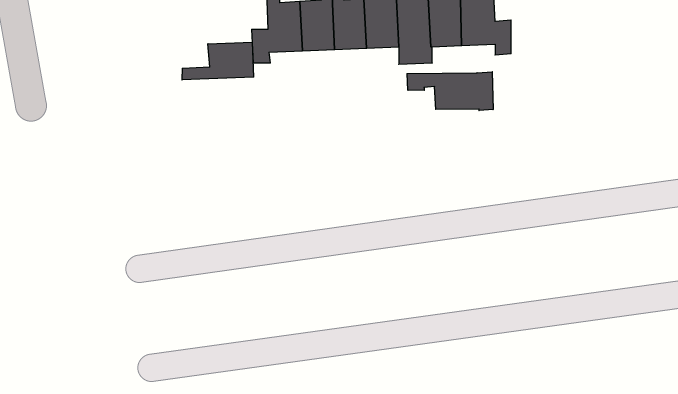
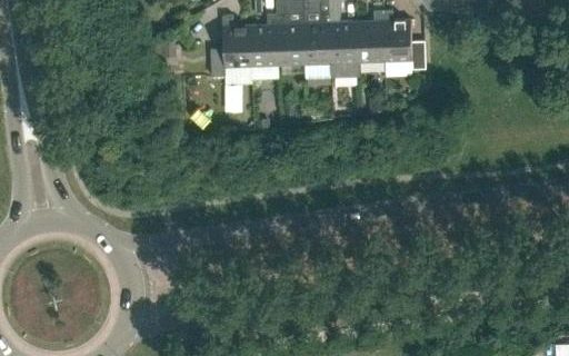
building: [182,42,254,80] -> none
building: [407,72,493,111] -> none

